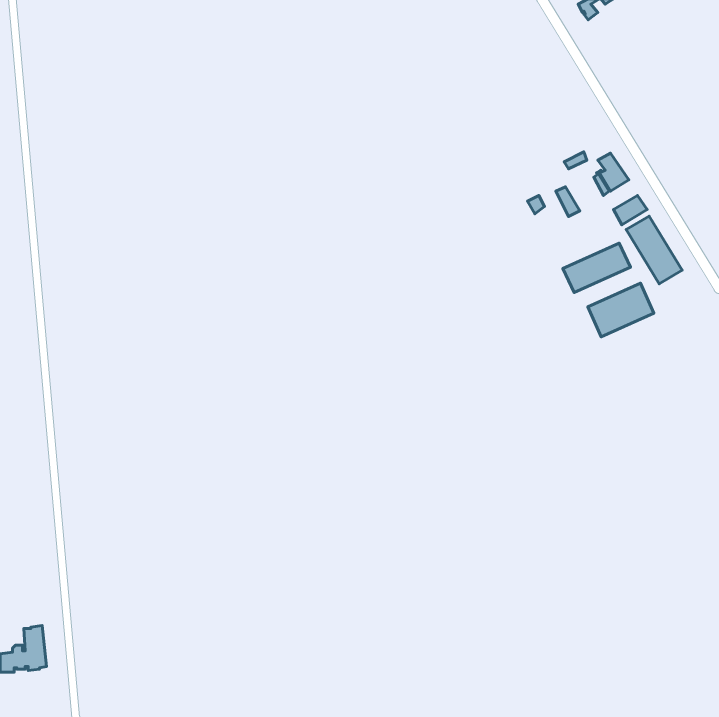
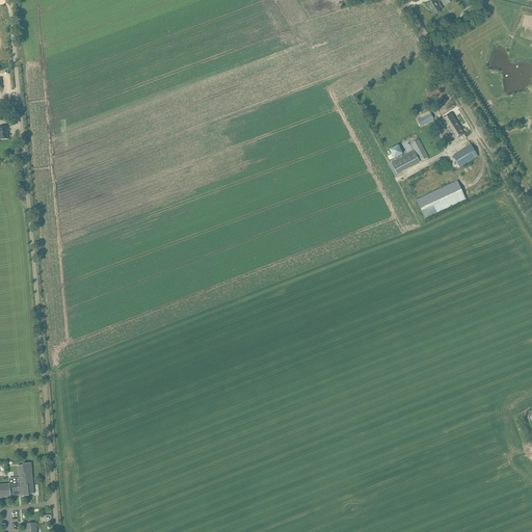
building: [626,216,682,284] -> none
building: [588,283,654,337] -> none

